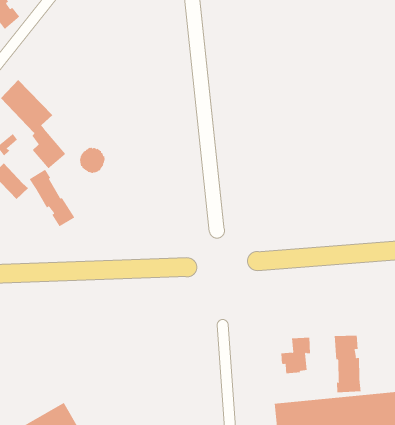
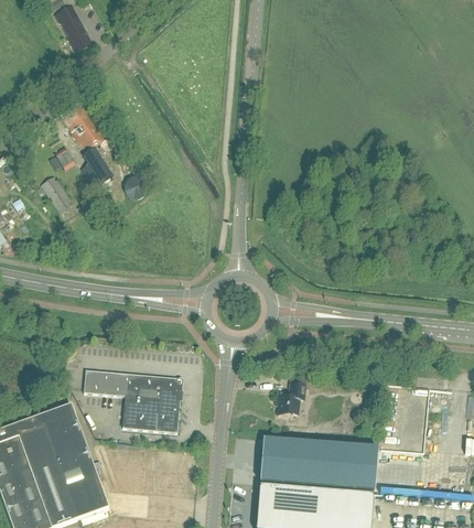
building: [29,169,75,227] -> none
building: [334,335,361,393] -> none
building: none -> [84,367,182,430]

